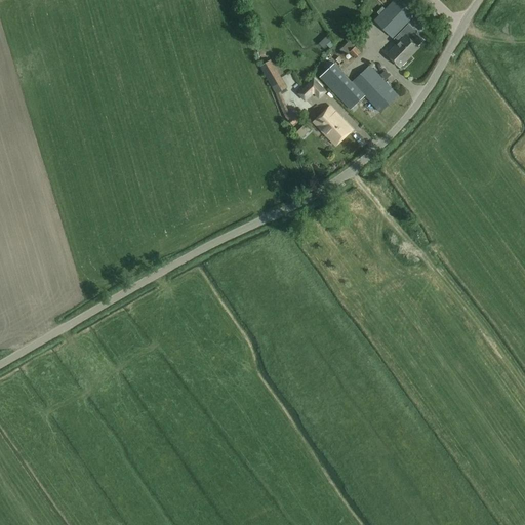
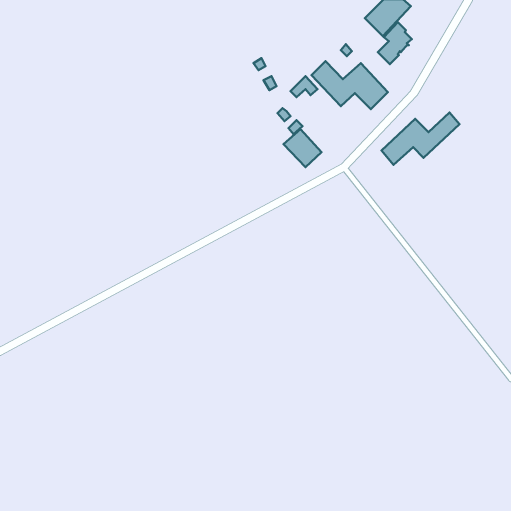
building: [312,106,351,145] -> [283,129,322,167]
building: none -> [382,112,460,165]

